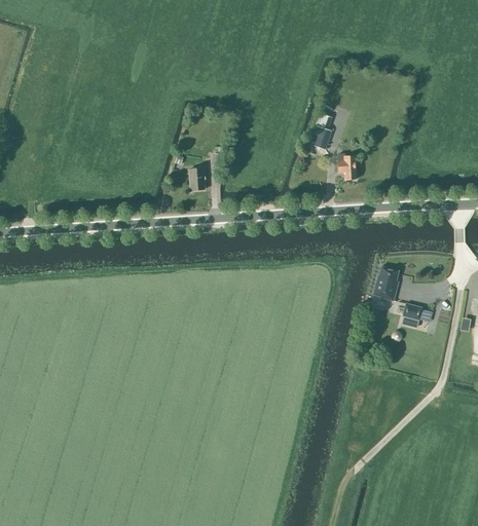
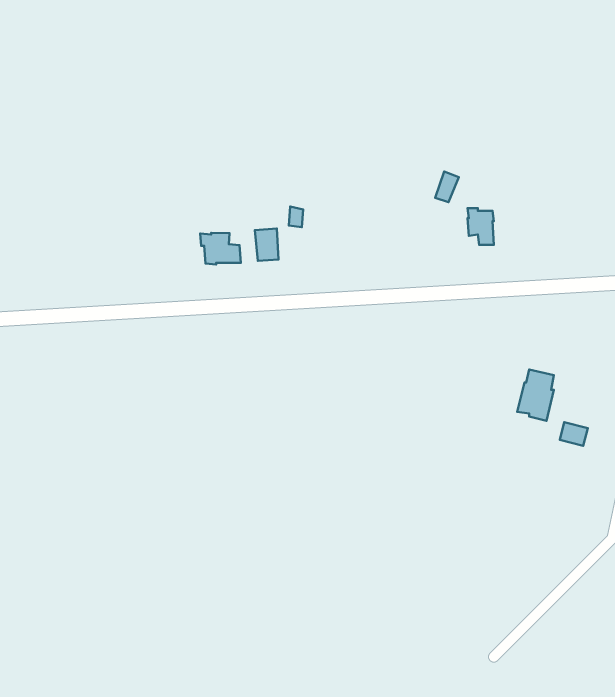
building: none -> [200,233,241,265]

